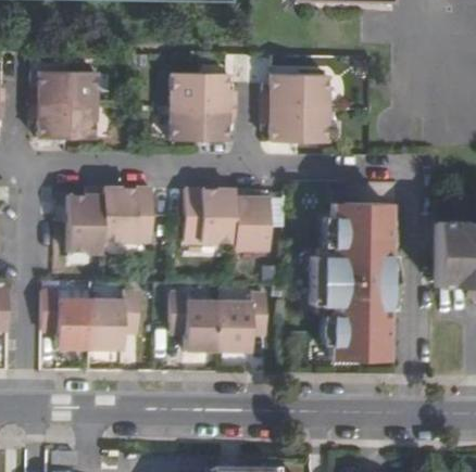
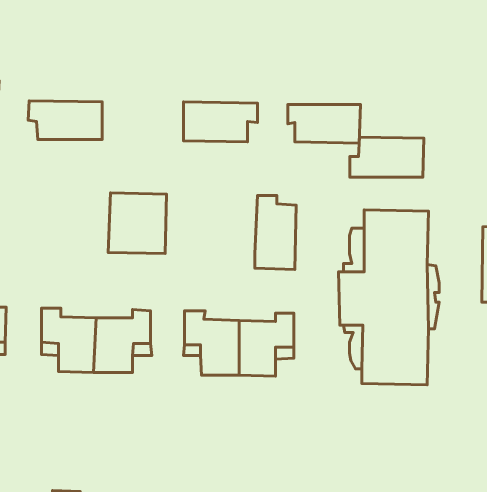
building: [32,71,98,106] -> none
building: [170,72,236,107] -> none
building: [263,73,329,109] -> [350,137,424,177]
building: [68,188,104,253] -> none
building: [184,189,236,242] -> none

